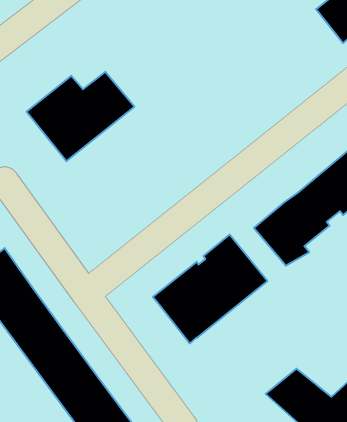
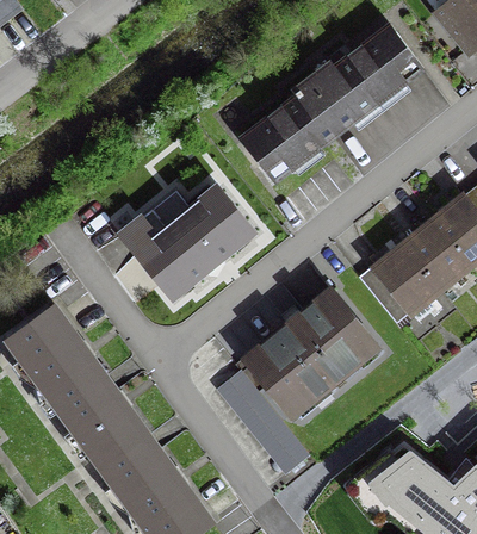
building: none -> [240,24,422,182]
building: [27,72,134,161] -> [120,187,253,297]
building: none -> [216,371,308,474]

